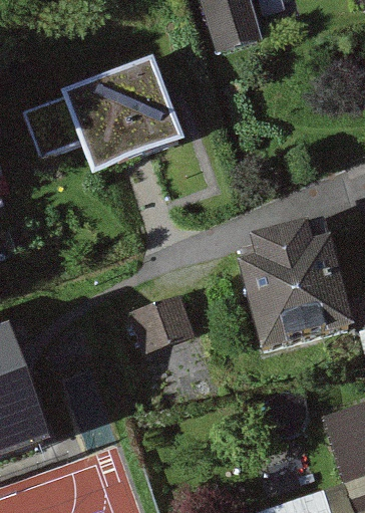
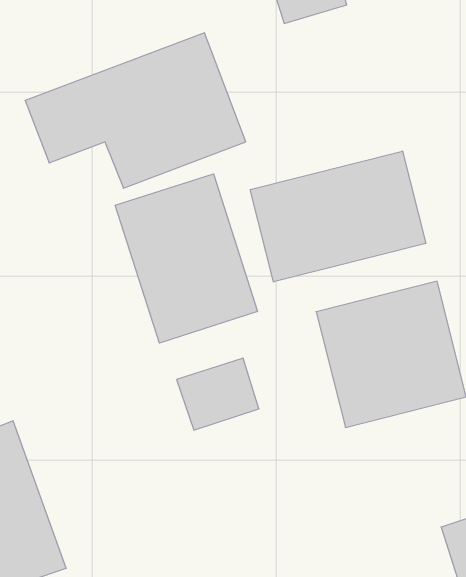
building: none -> [250,151,426,282]
building: none -> [115,174,257,343]

